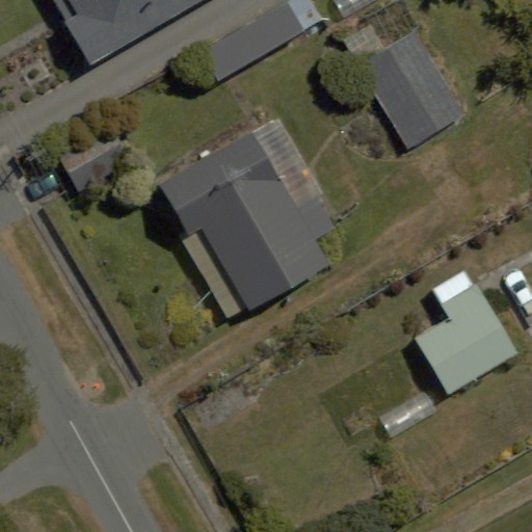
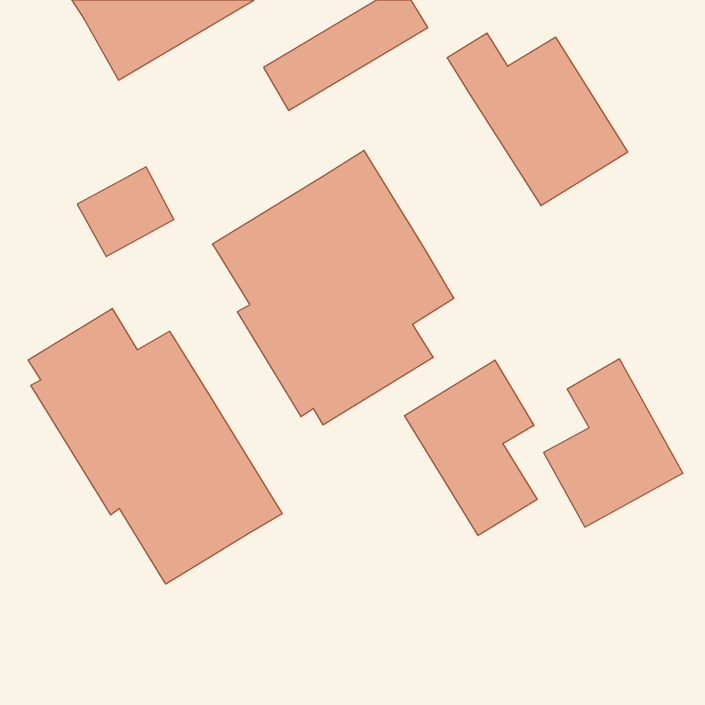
building: none -> [28,308,282,584]
building: none -> [404,360,537,535]

